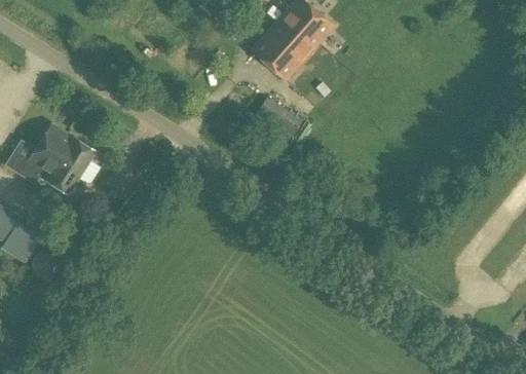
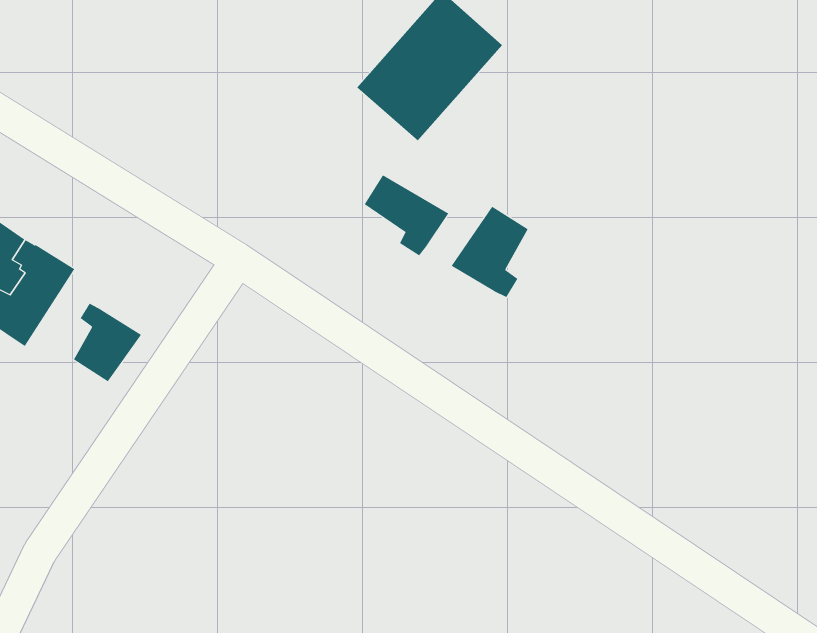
building: none -> [451,206,529,298]
building: none -> [73,303,142,382]

